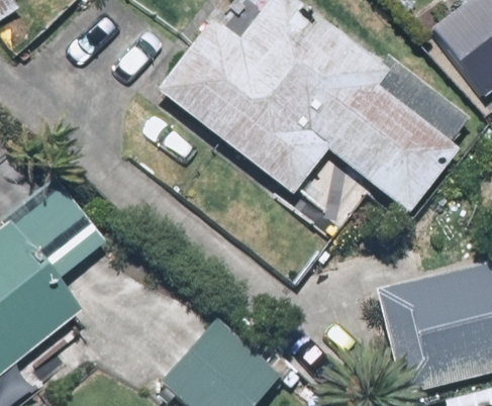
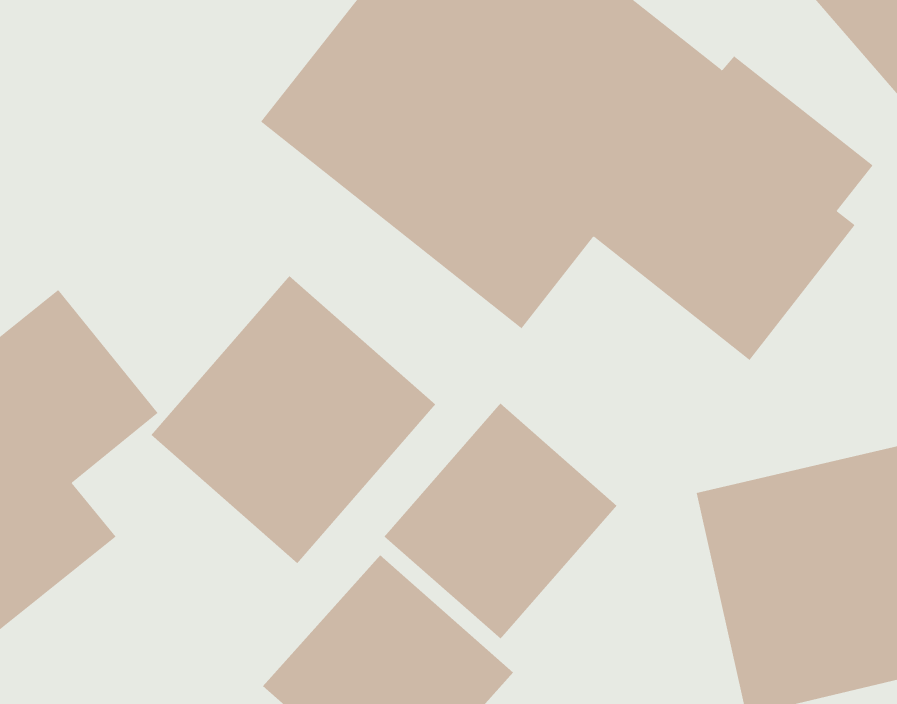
building: none -> [150,275,436,564]
building: none -> [384,402,617,640]

